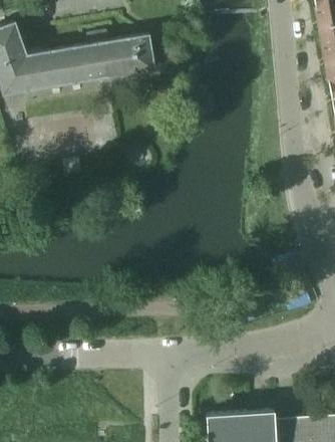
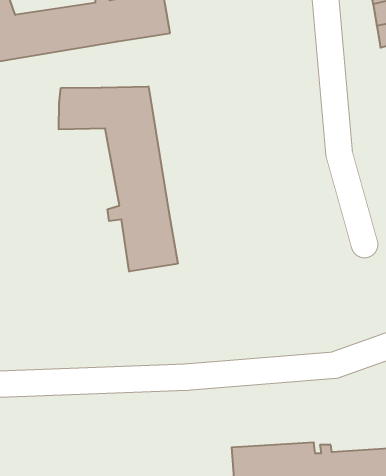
building: none -> [59,86,178,272]

